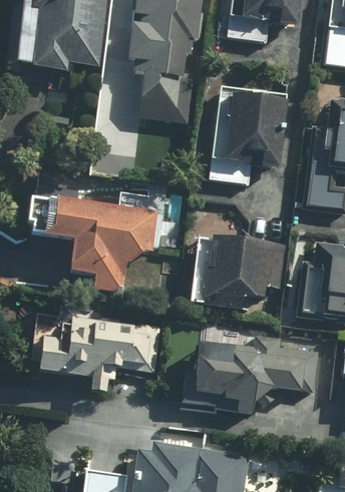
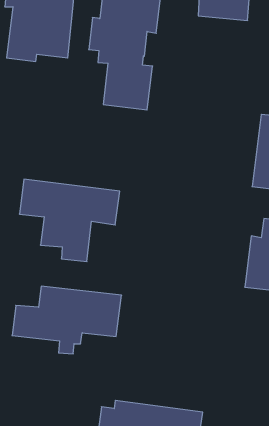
building: [224,93,286,170] -> none
building: [192,234,284,308] -> none
building: [181,335,315,411] -> none

